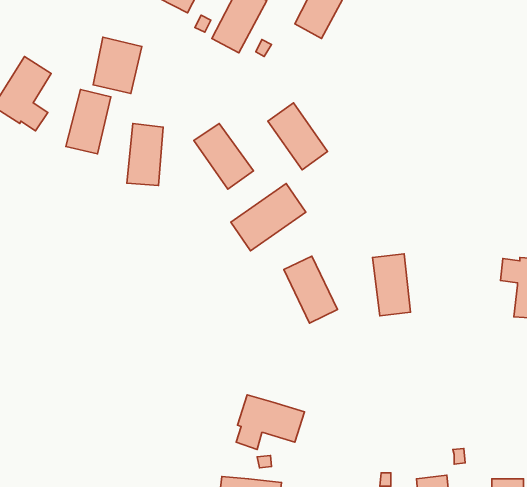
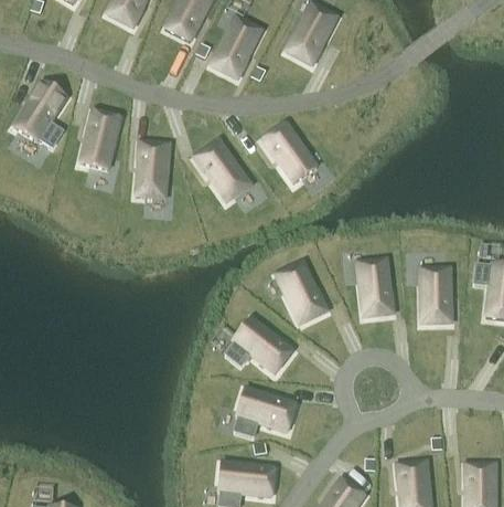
building: [93,37,142,94] -> none
building: [231,183,306,251] -> none
building: none -> [421,267,451,321]
building: none -> [226,316,293,372]

